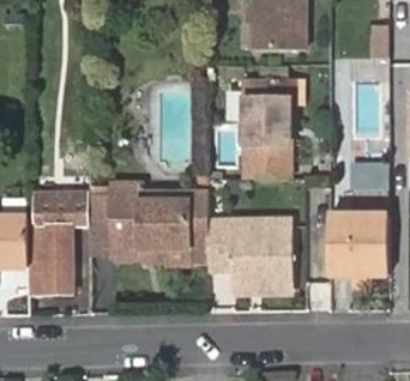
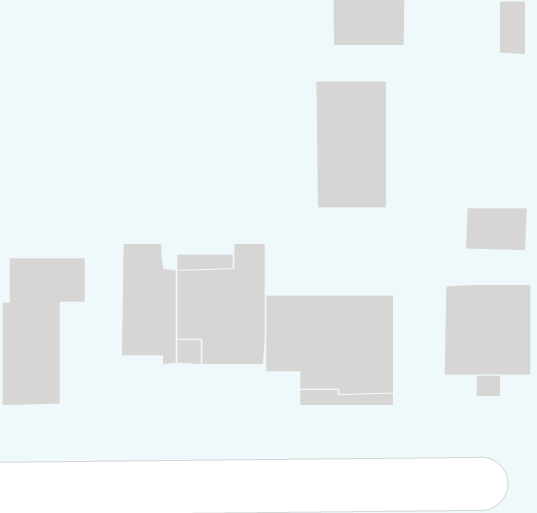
building: [88,183,113,259] -> none

